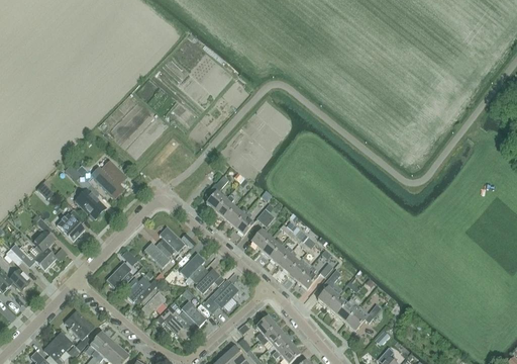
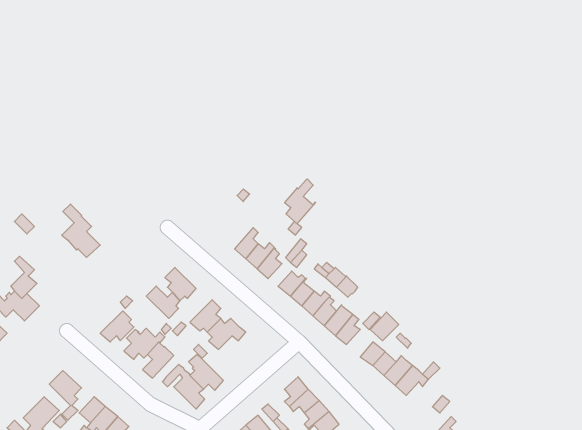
building: [77,161,127,198] -> none
building: [205,174,230,210] -> [285,179,316,224]
building: [58,208,85,240] -> none
building: [202,281,238,312] -> none

